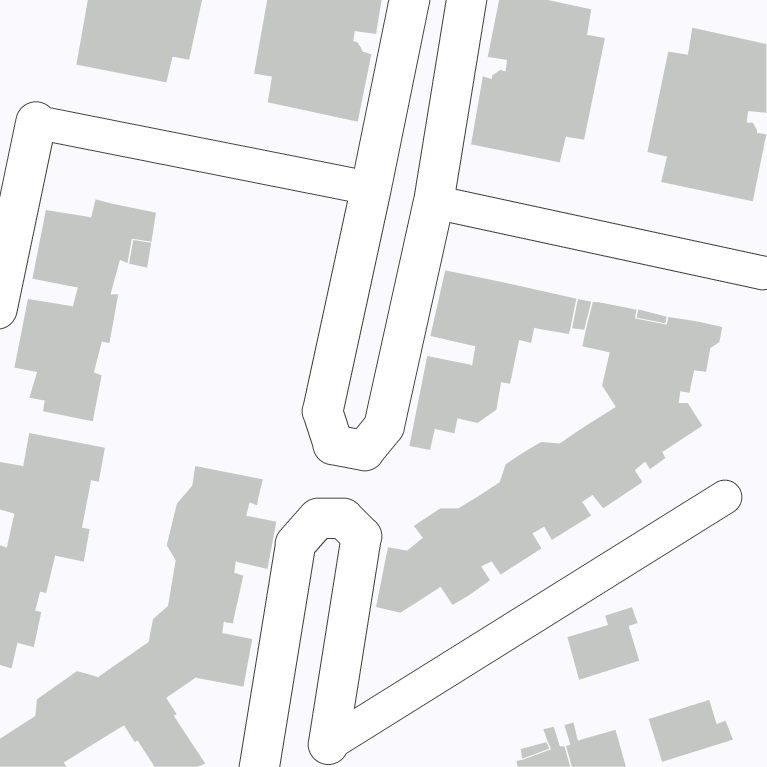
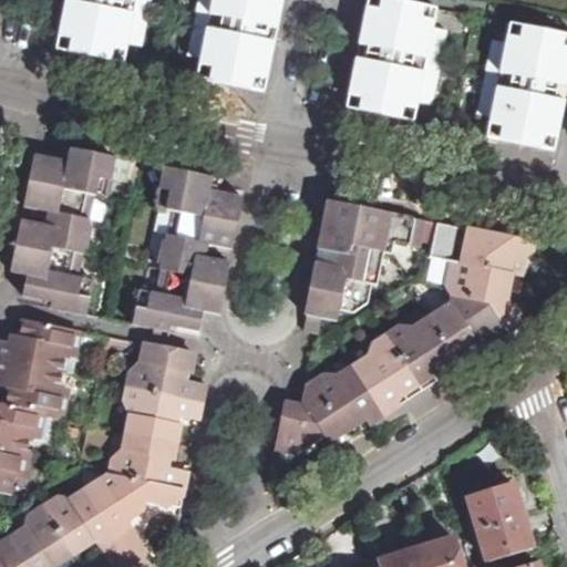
building: none -> [132,165,241,337]
building: [566,607,640,680] -> [467,474,522,528]

